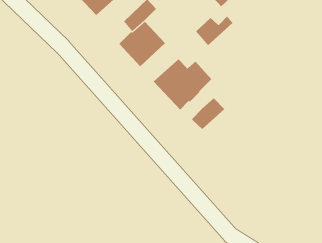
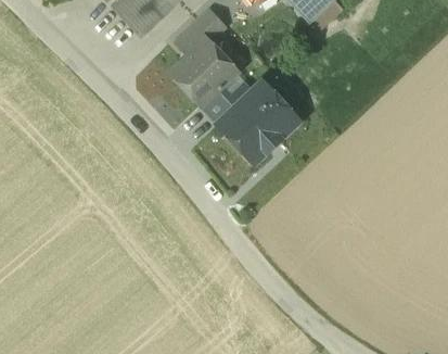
building: [195,16,234,46] -> [201,81,253,123]
building: [191,97,225,130] -> none

